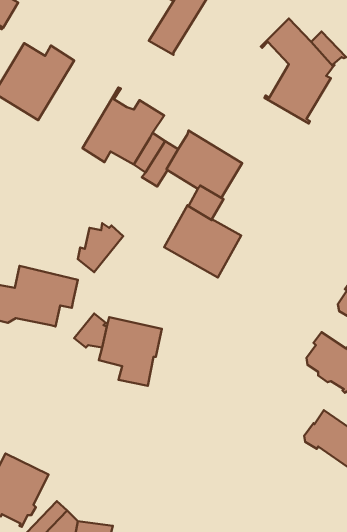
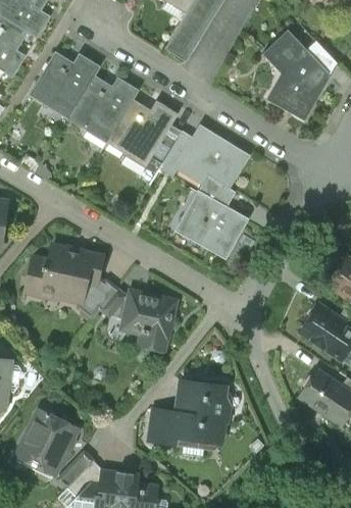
building: none -> [67,66,138,143]
building: [78,223,123,272] -> [77,276,116,319]
building: none -> [151,382,228,443]

